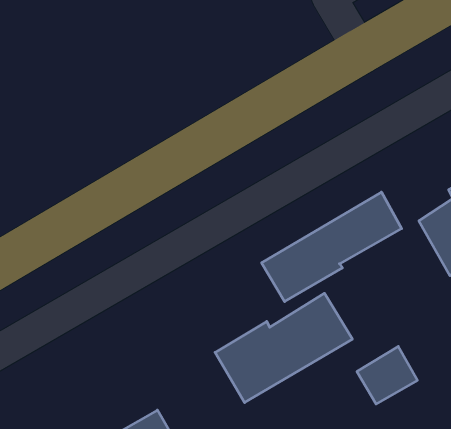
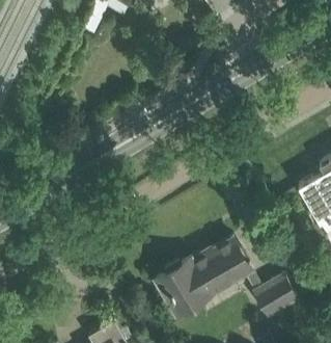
building: [262,192,402,302] -> none

